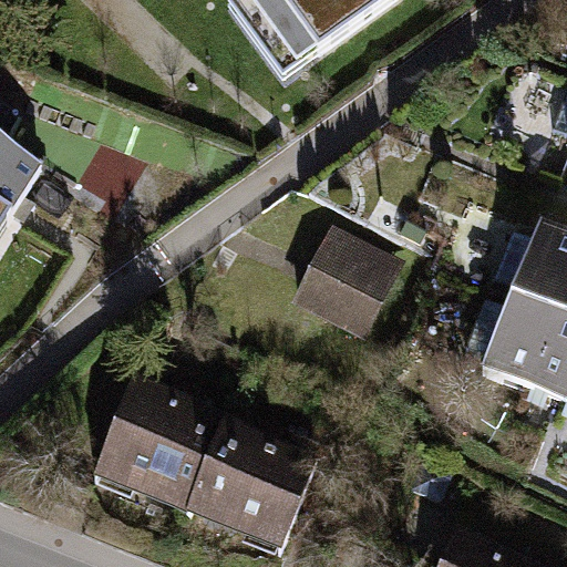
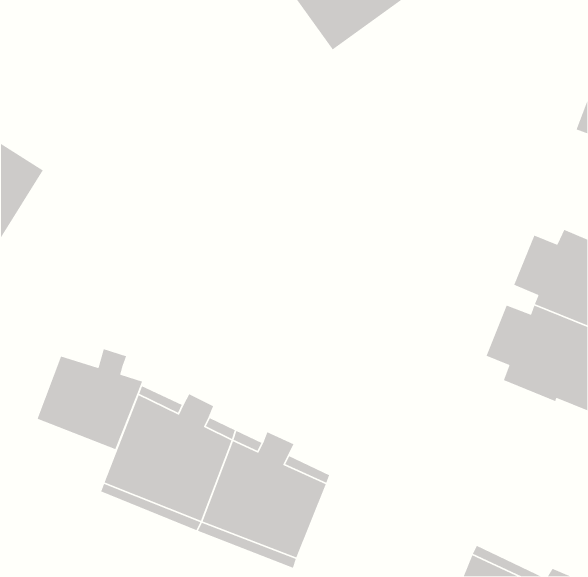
building: [299,234,396,328] -> none
building: none -> [37,348,143,450]

